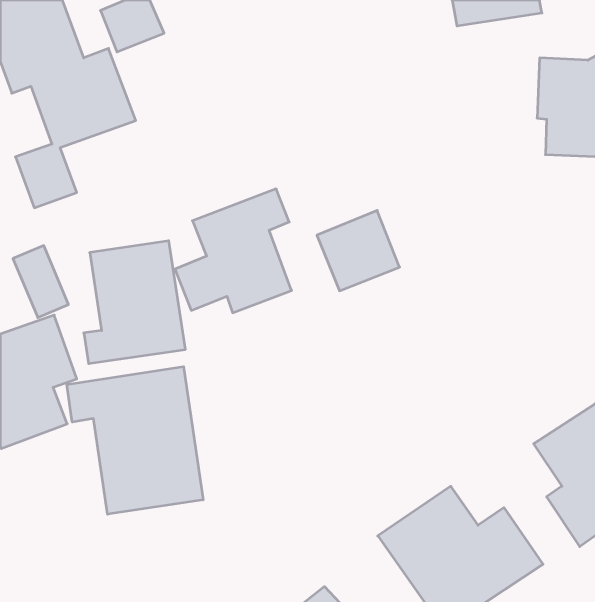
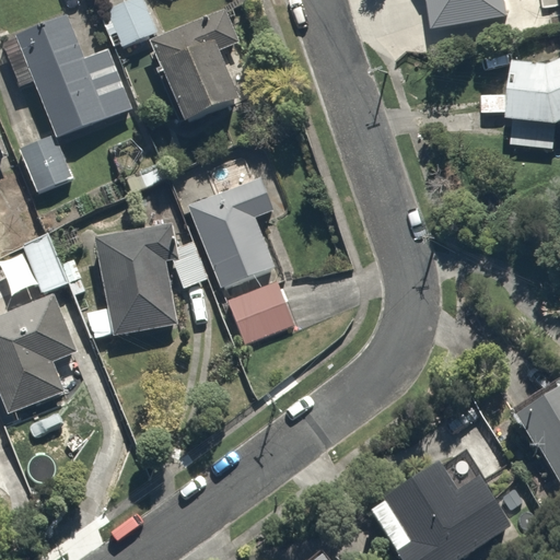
building: none -> [145,5,243,126]
building: [317,210,400,291] -> [223,276,300,350]
building: [67,367,203,514] -> none

